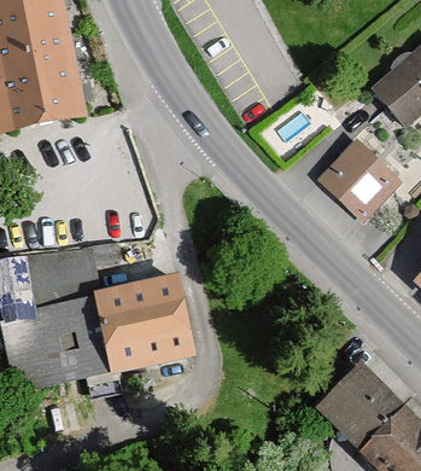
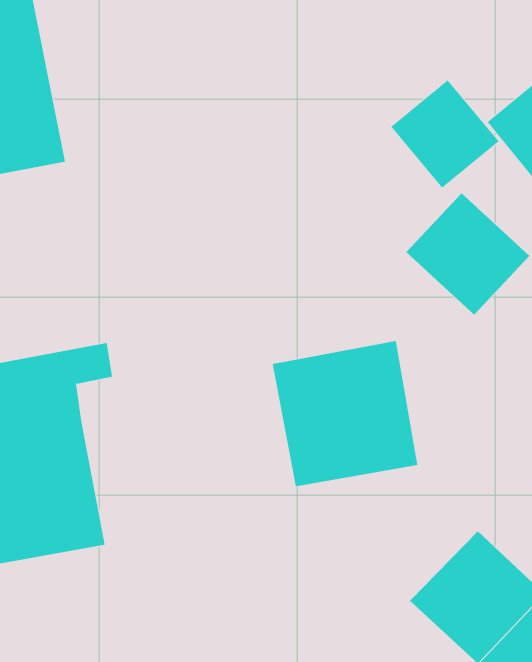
building: none -> [391,80,499,188]
building: [98,274,195,372] -> [272,340,418,487]

